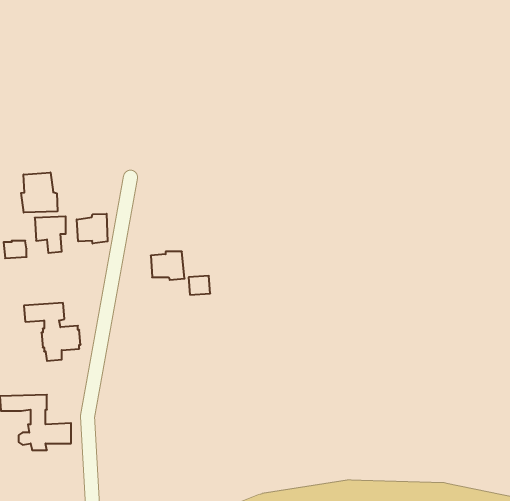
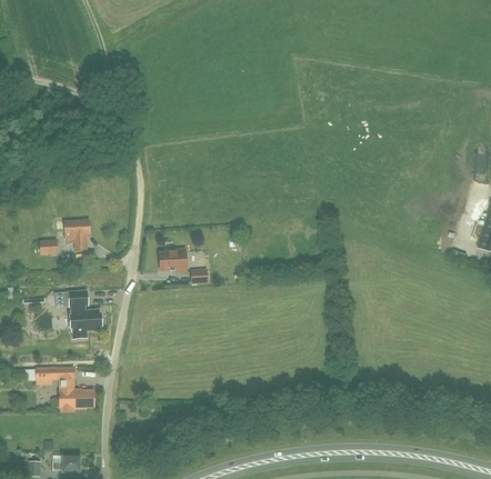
building: [21,172,57,213] -> none
building: [77,214,108,244] -> none

